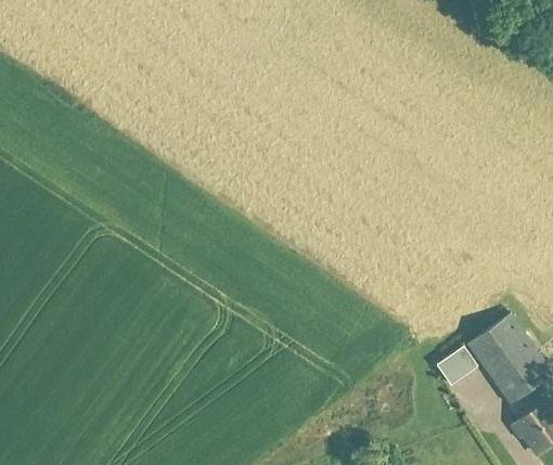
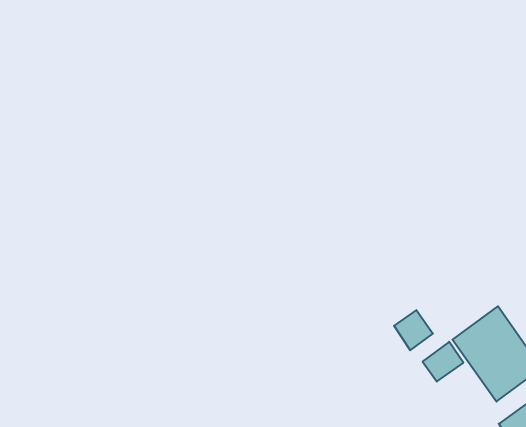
building: none -> [394,310,433,350]

